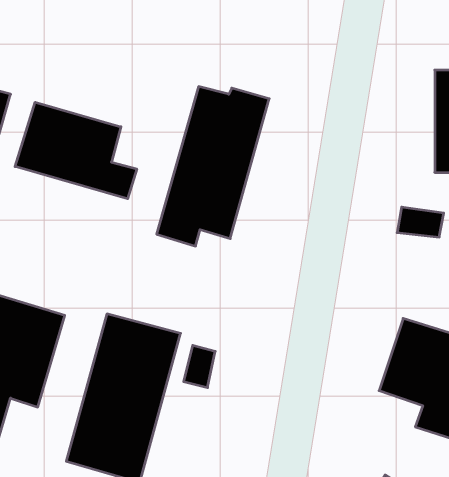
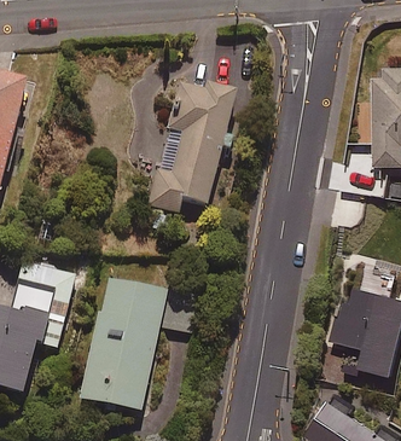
building: [15,102,137,199] -> none

